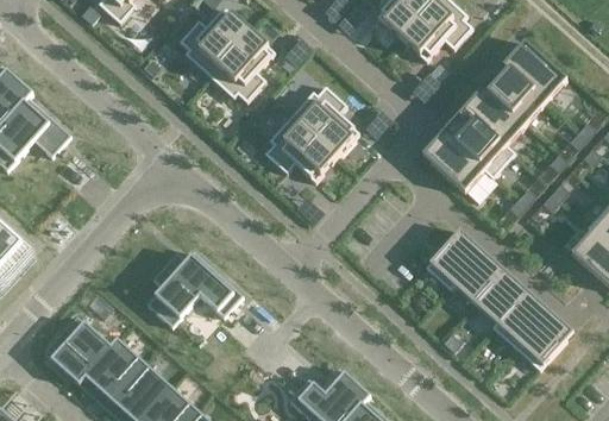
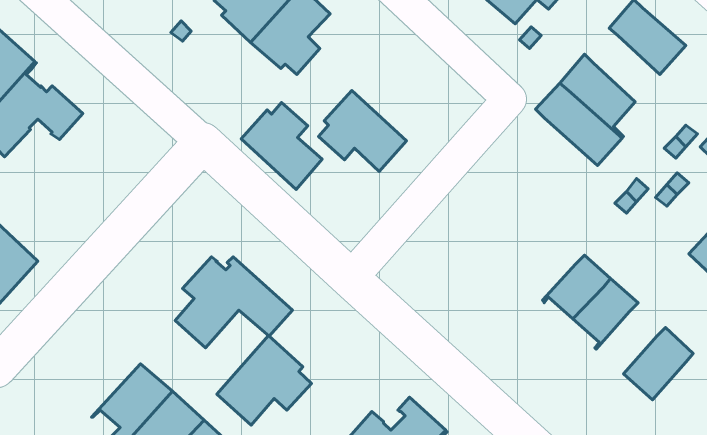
building: [483,64,545,125] -> none
building: [291,86,358,157] -> [241,103,322,189]
building: [421,131,494,193] -> none
building: [427,231,481,285] -> none
building: [492,290,550,348] -> none
building: [50,315,118,384] -> none
building: none -> [217,336,312,425]

